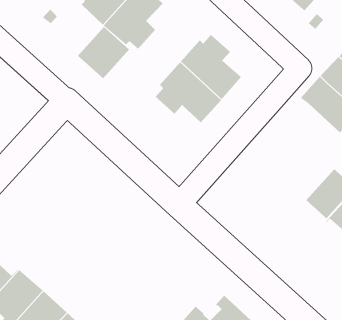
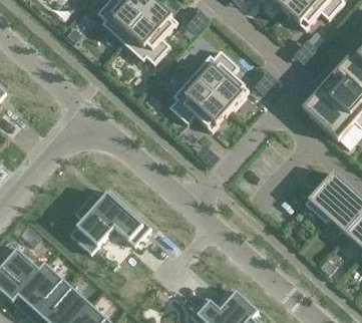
building: [77,26,130,79] -> none
building: none -> [69,191,150,254]

